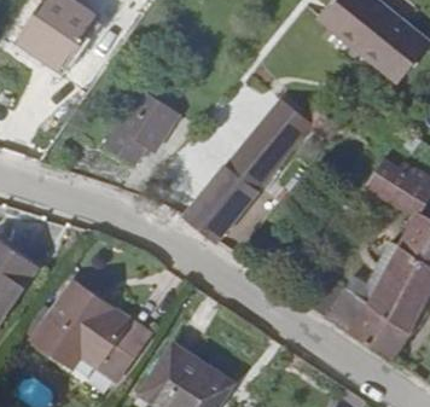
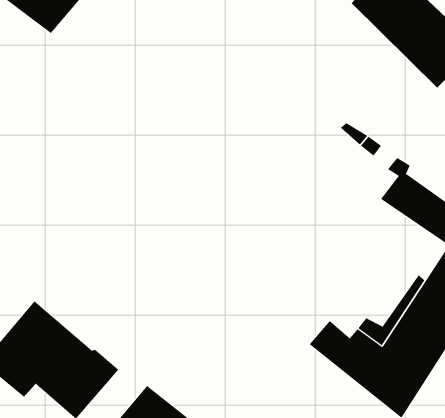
building: [182,97,314,238] -> none
building: [94,101,168,179] -> none

